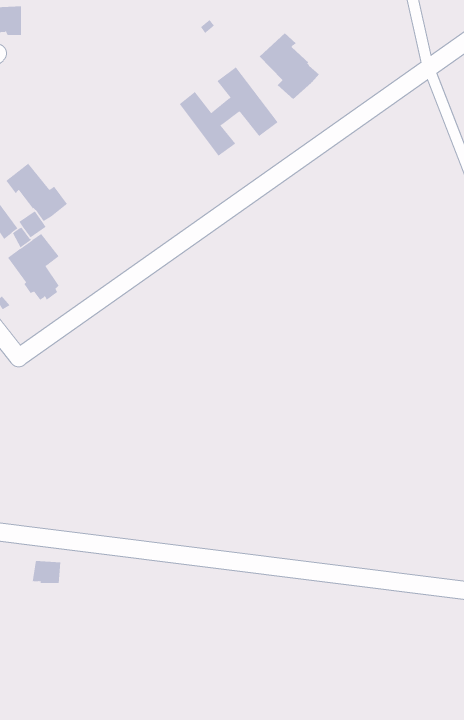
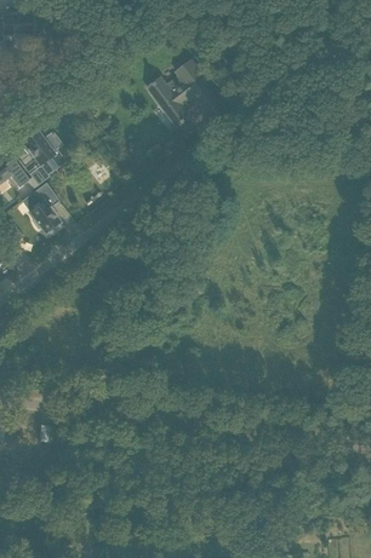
building: [259,32,320,100] -> none

